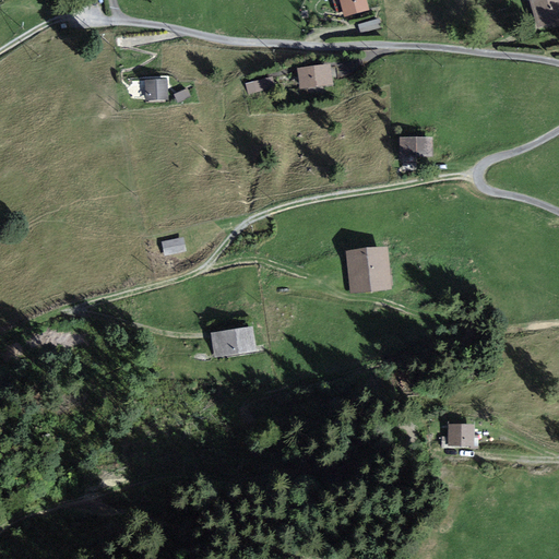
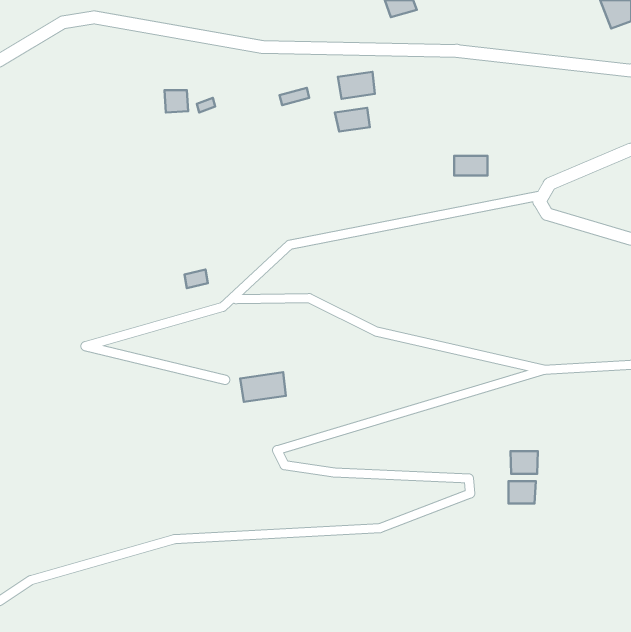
building: none -> [335,108,370,132]
building: [347,248,390,290] -> none
building: none -> [511,451,538,474]

